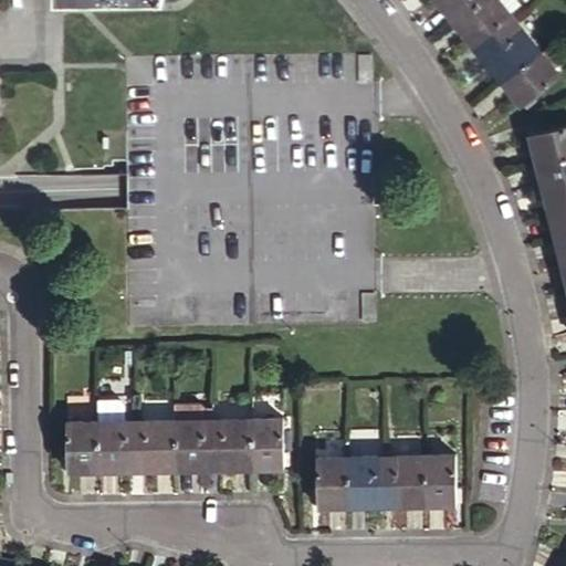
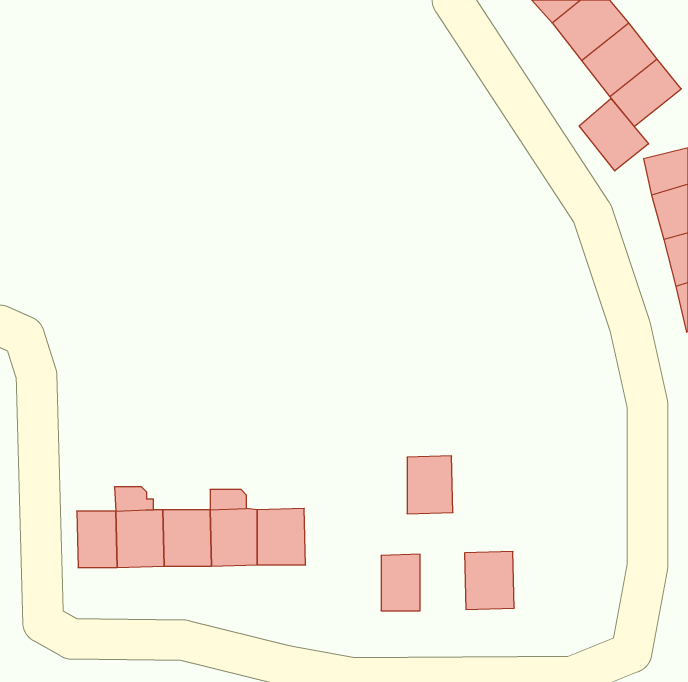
building: none -> [579,98,649,171]
building: [250,422,282,469] -> none
building: [421,458,452,504] -> none
building: [345,459,382,506] -> [407,456,453,514]

